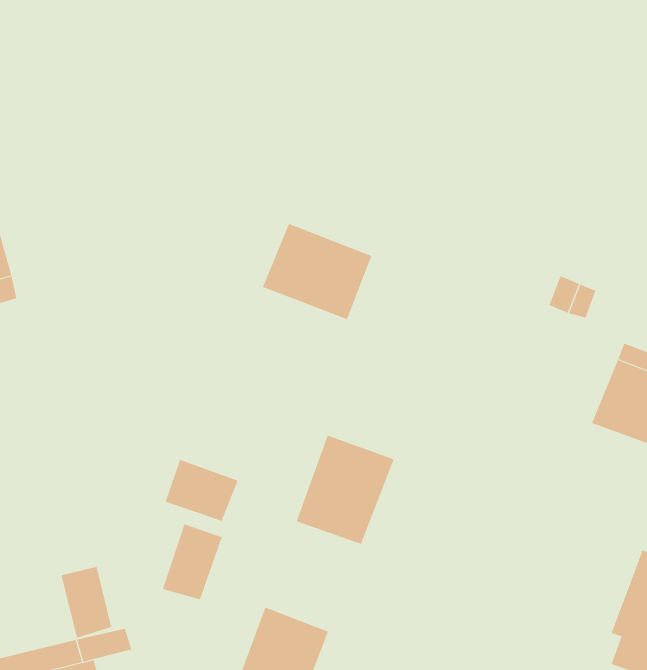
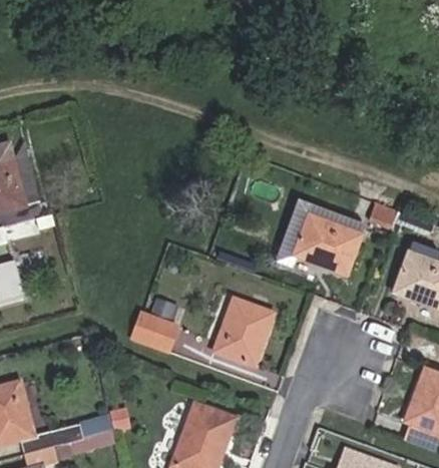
building: [262,223,372,320] -> [295,213,362,273]
building: [162,524,222,600] -> none
building: [61,566,112,638] -> none

